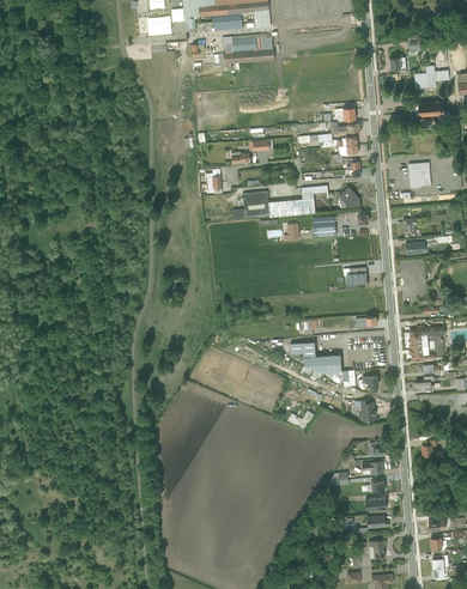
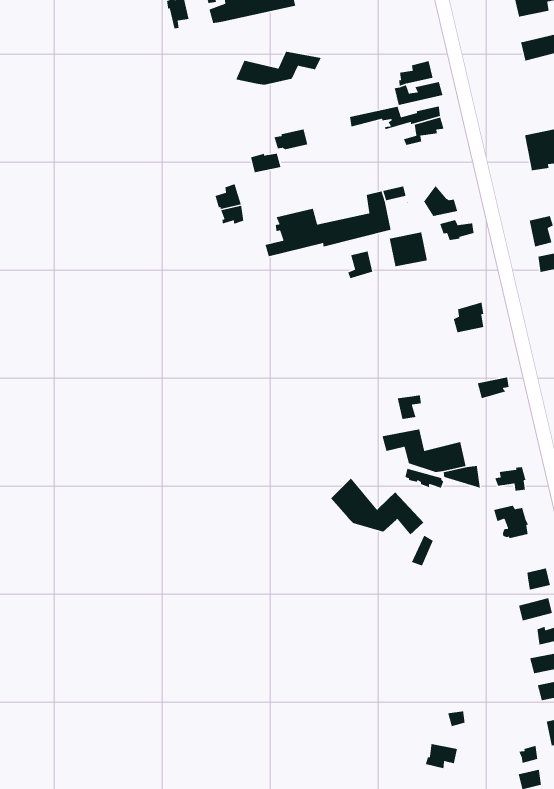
building: none -> [235,51,322,86]
building: none -> [330,478,424,535]

